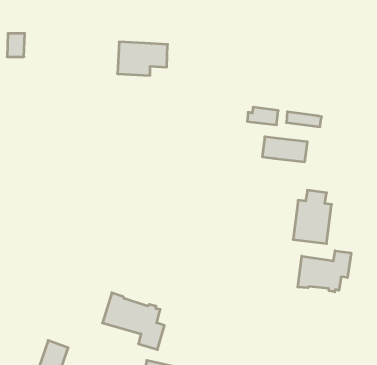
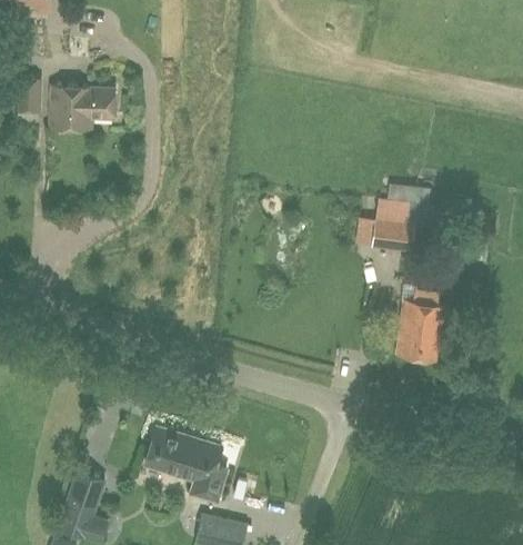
building: [117,42,168,75] -> [49,85,115,129]
building: [247,107,278,125] -> [376,200,418,224]
building: [298,251,351,292] -> none

